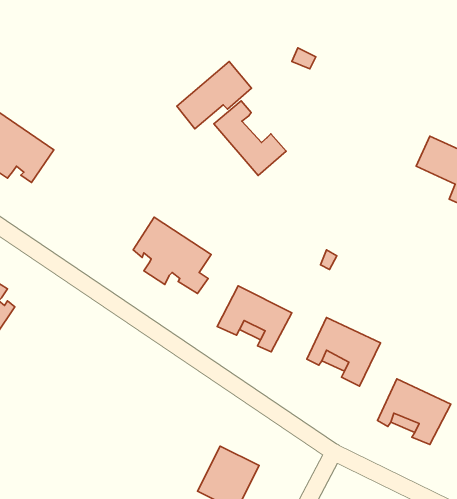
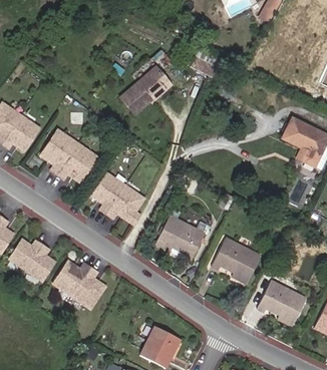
building: [214,101,286,176] -> none
building: none -> [41,127,99,181]
building: none -> [10,238,56,279]
building: none -> [54,259,106,307]

